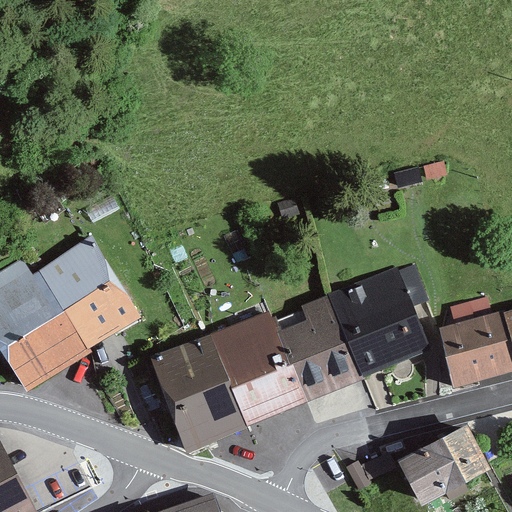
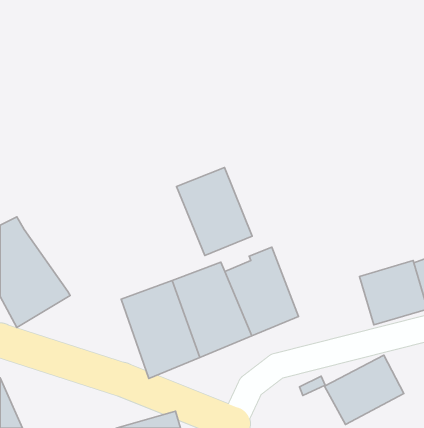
building: none -> [176,168,252,256]
building: [33,236,140,348] -> none
building: [329,268,432,378] -> none

